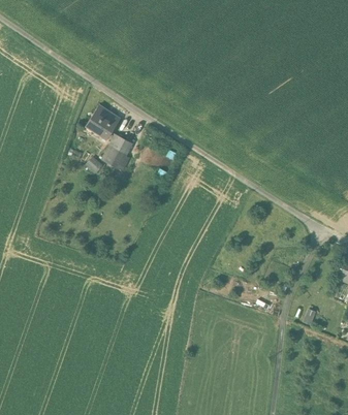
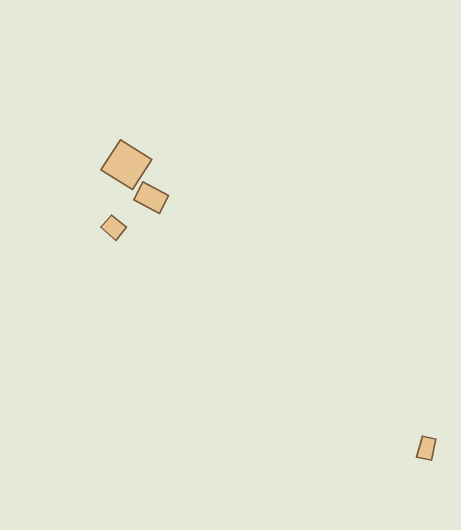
building: [100,146,129,170] -> none

